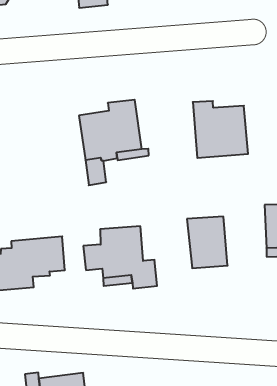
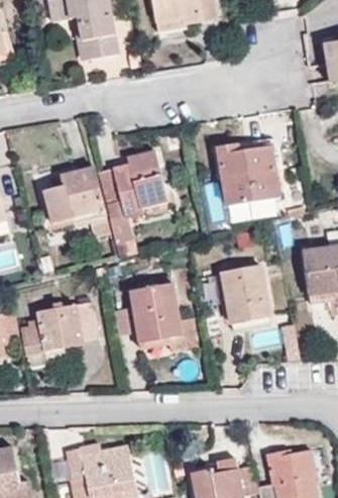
building: none -> [42,166,104,222]

